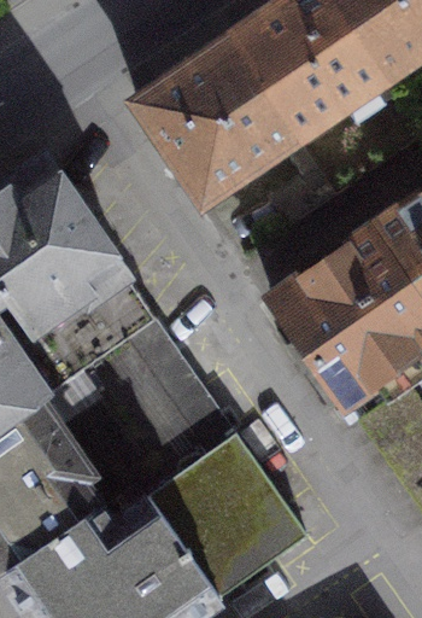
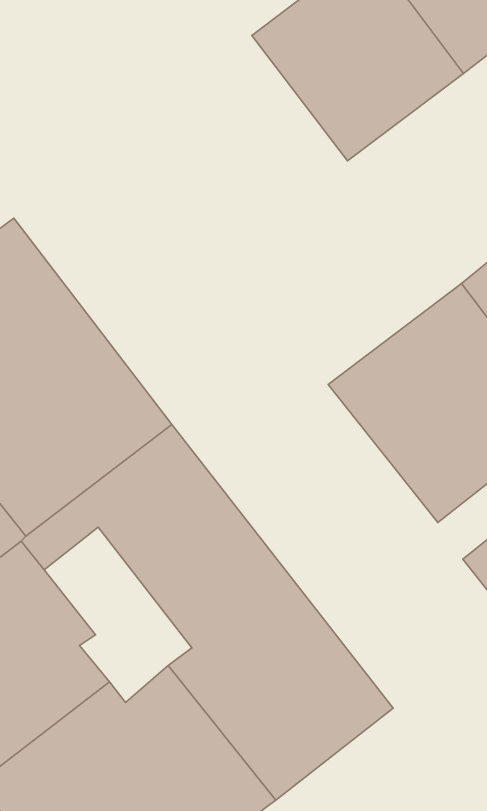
building: [139,36,295,194] -> none

